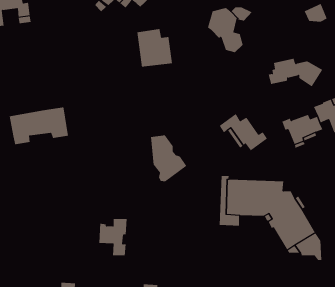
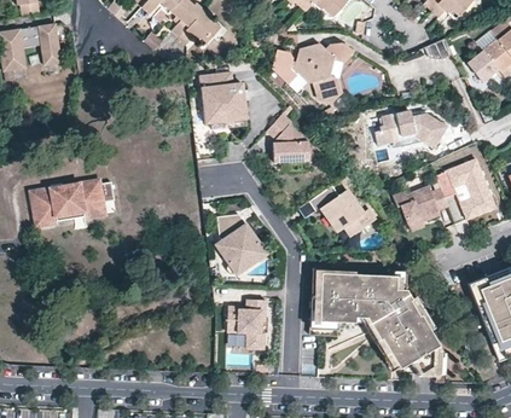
building: none -> [273,47,300,81]
building: none -> [267,112,310,162]
building: [99,219,127,256] -> [228,298,267,348]

